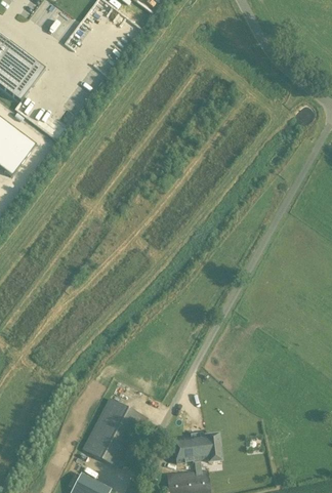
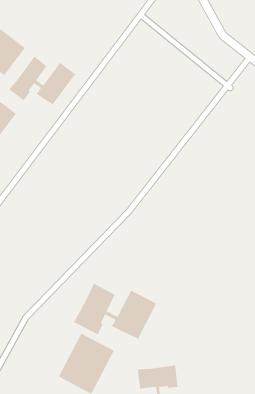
building: none -> [8,55,76,105]
building: none -> [73,282,157,340]

